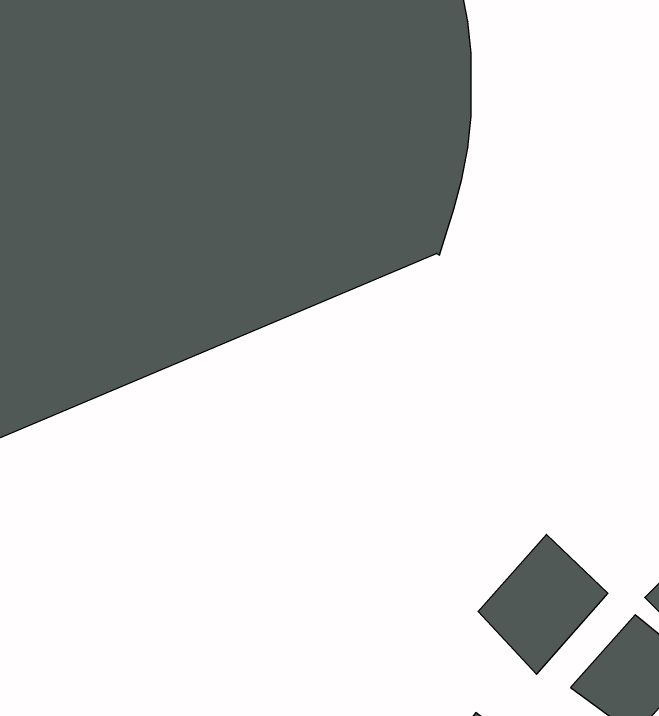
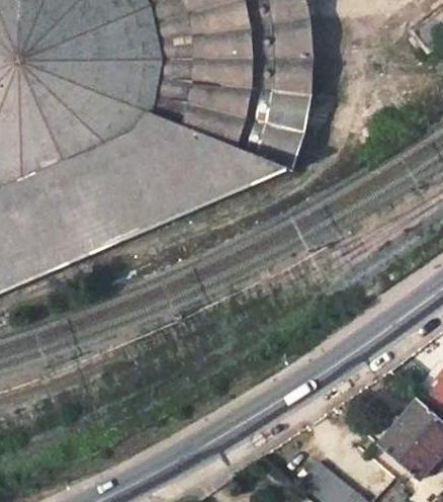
building: [478,534,608,674] -> none

